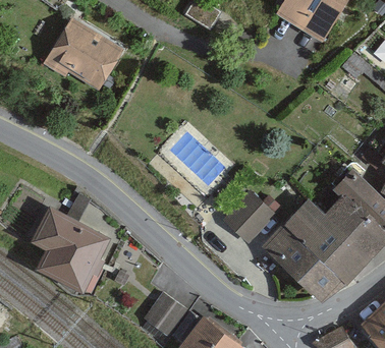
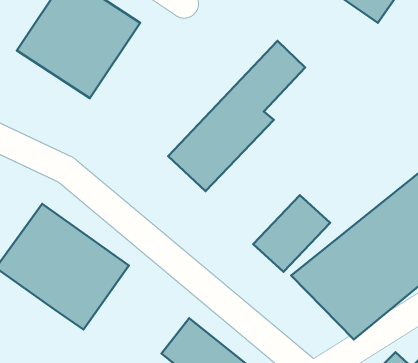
building: none -> [168,41,305,191]

